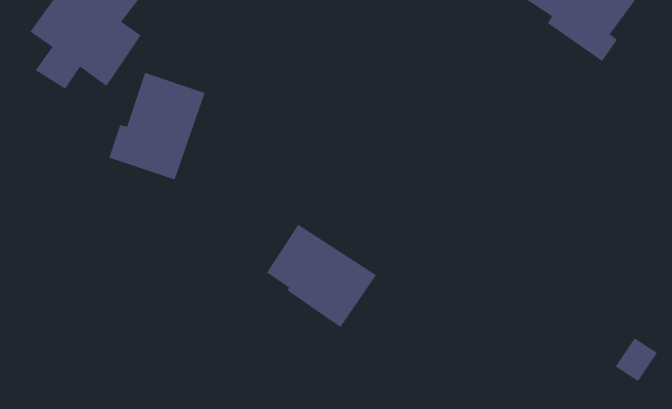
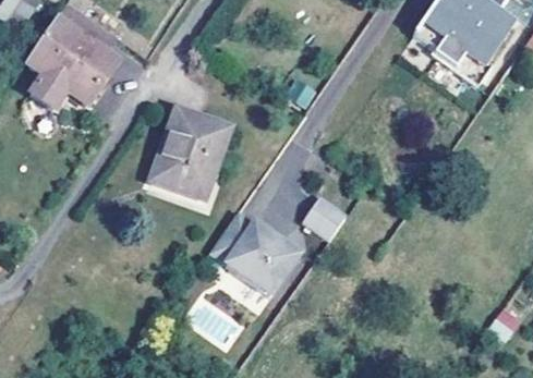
building: [109,72,205,180] -> [152,112,228,197]
building: none -> [304,197,347,240]

